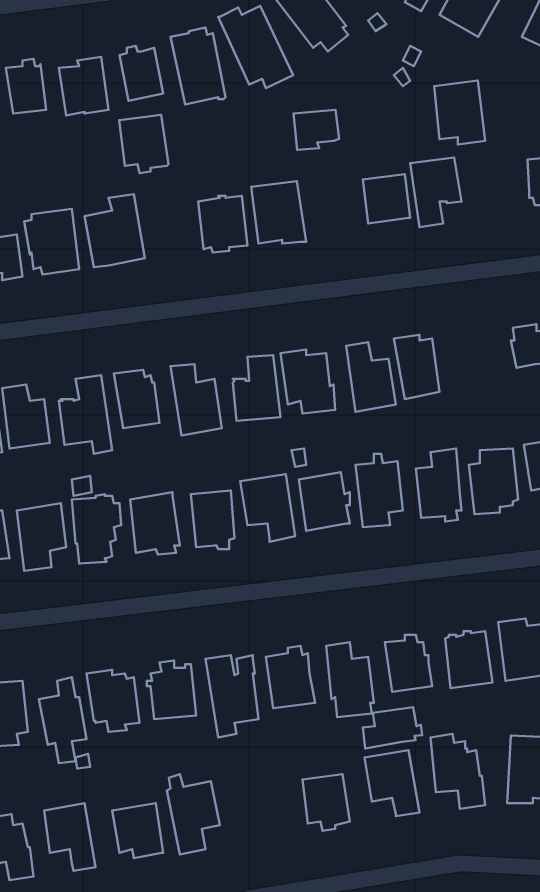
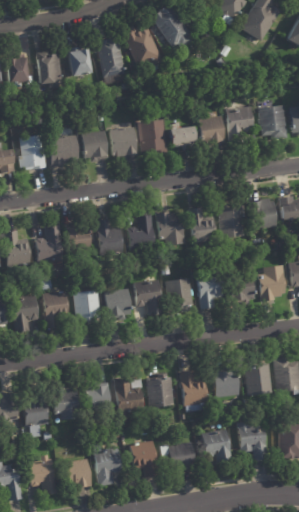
building: [434,81,485,145] -> [260,104,288,139]
building: [293,110,339,150] -> [172,126,197,148]
building: [119,115,169,173] -> [82,130,109,162]
building: none -> [251,198,279,231]
building: [363,707,422,748] -> none
building: none -> [131,441,158,478]

